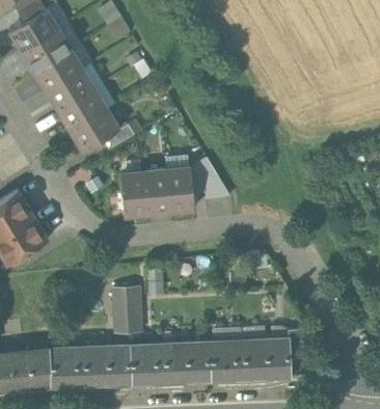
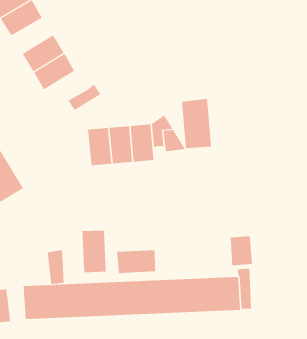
building: [34,50,82,90] -> none
building: [71,109,119,152] -> none
building: none -> [181,98,212,149]
building: none -> [230,235,252,266]
building: none -> [117,249,156,274]
building: [30,349,50,388] -> [47,249,65,285]

